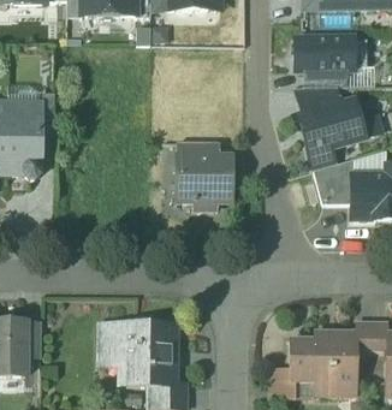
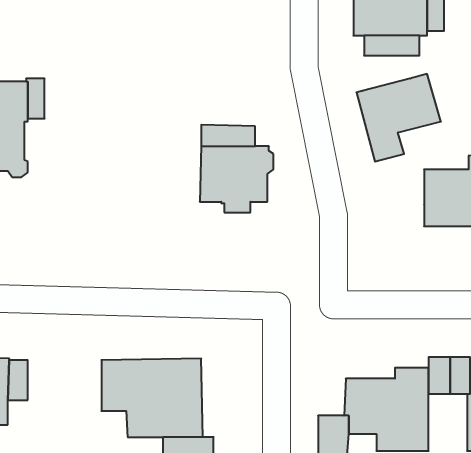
building: [296,84,340,112] -> none
building: [313,156,354,201] -> none

